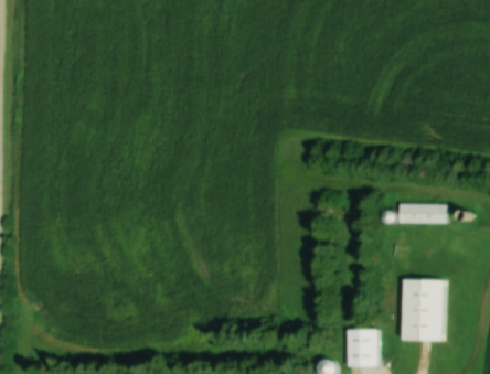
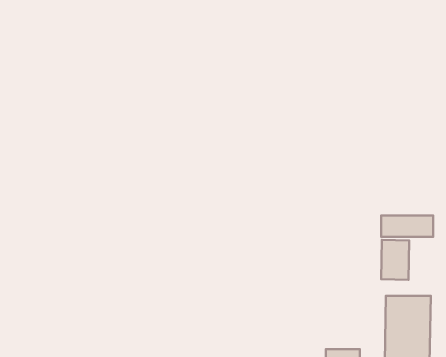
building: none -> [381,240,409,280]

